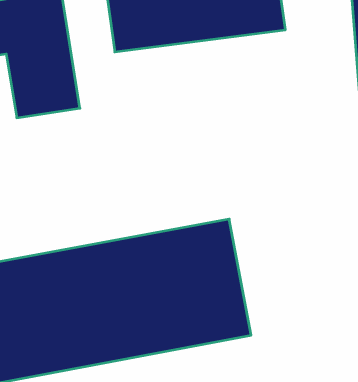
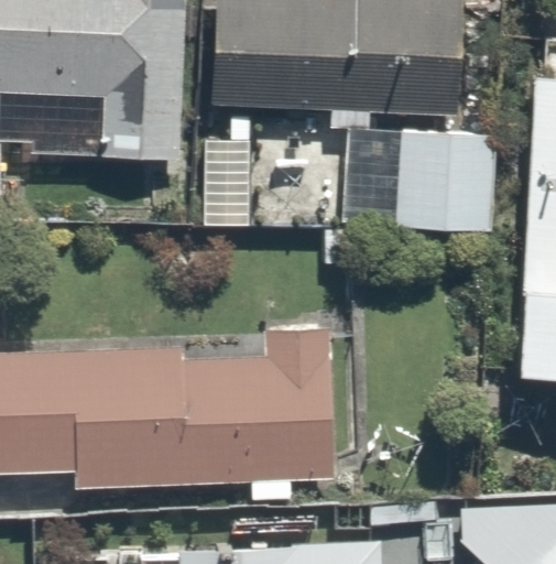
building: none -> [390,129,494,229]

